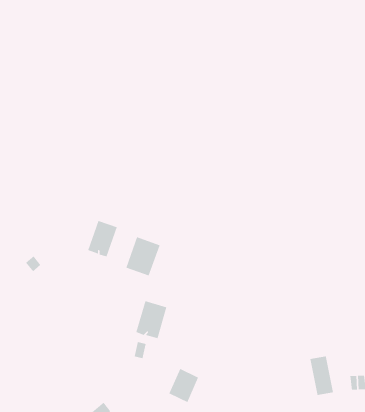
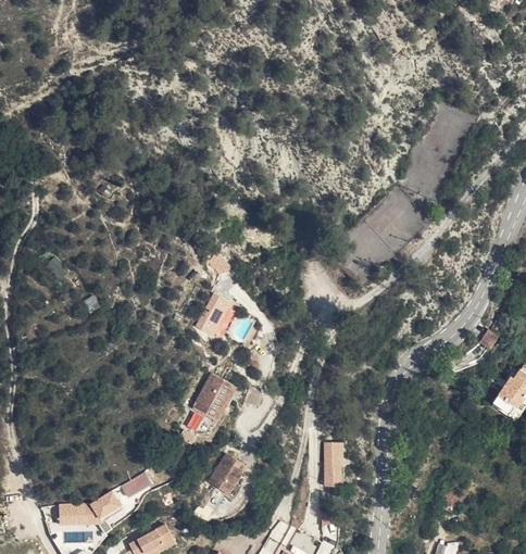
building: [87,220,118,257] -> none
building: [309,356,334,395] -> [322,445,342,488]

